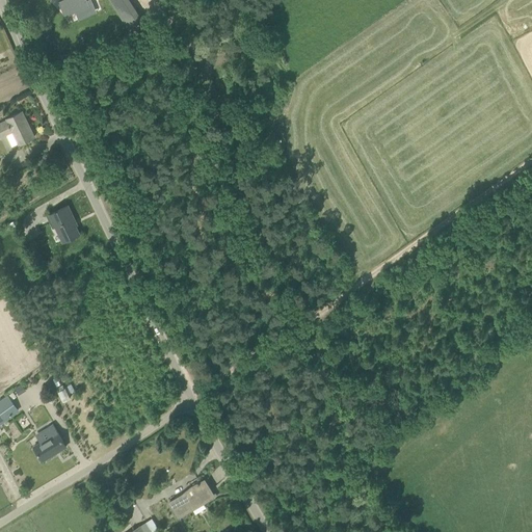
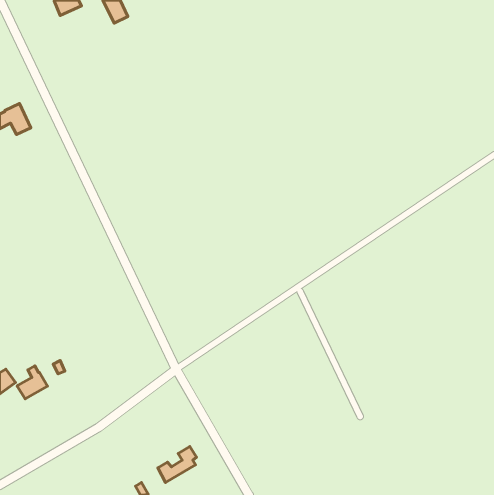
building: [47,206,79,242] -> none
building: [33,425,65,460] -> [17,366,47,399]

